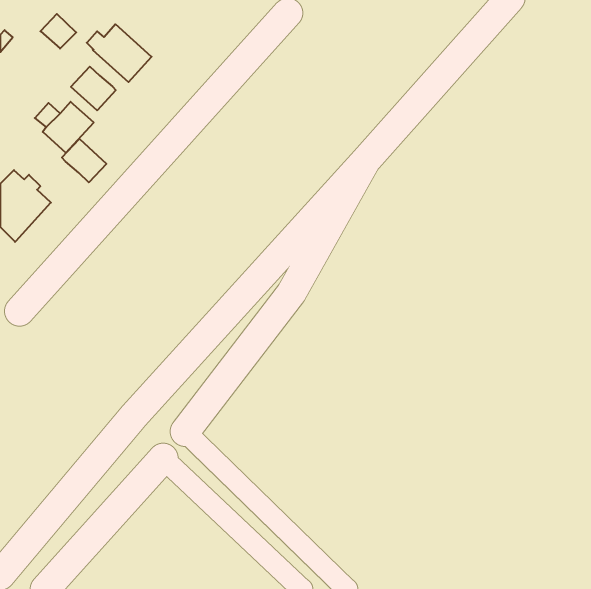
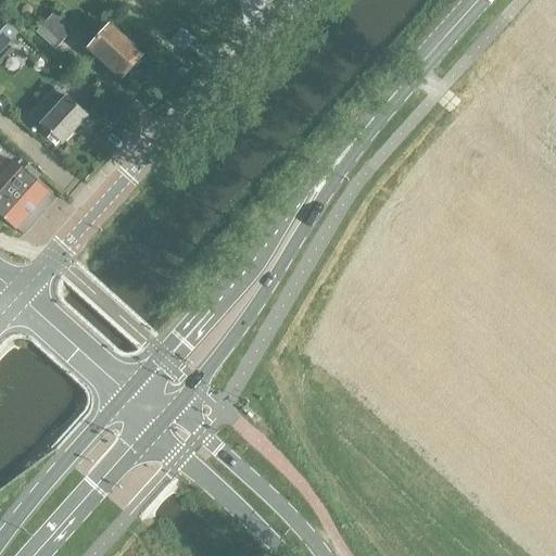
building: [71,67,116,110] -> none
building: [62,139,106,182] -> none

